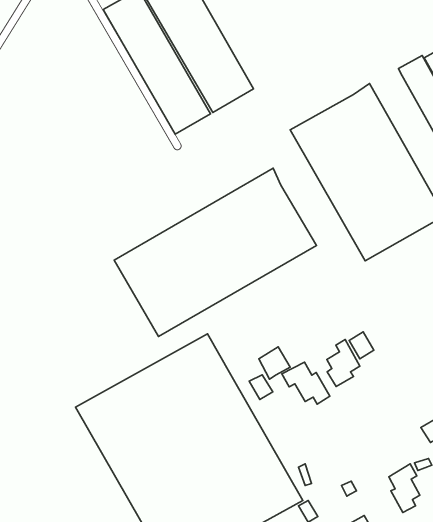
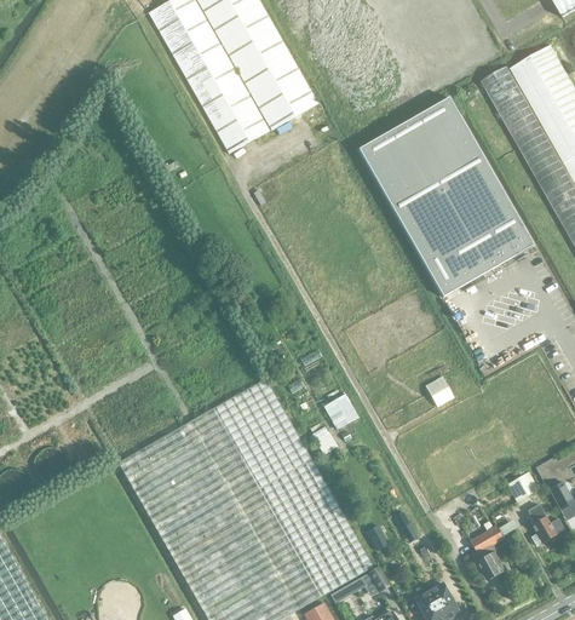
building: [114,168,317,337] -> none
building: [327,340,360,387] -> none
building: [282,362,330,404] -> none

